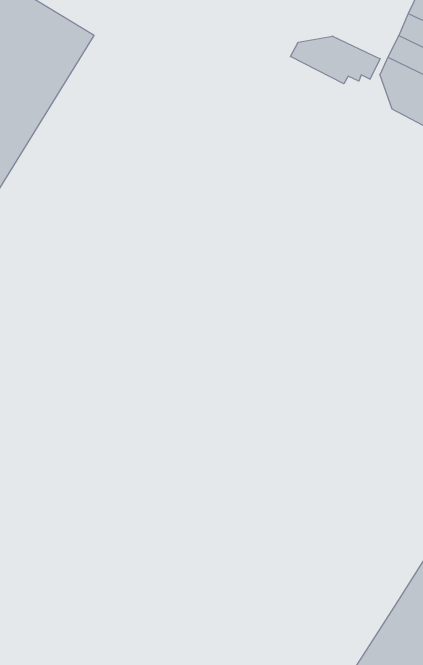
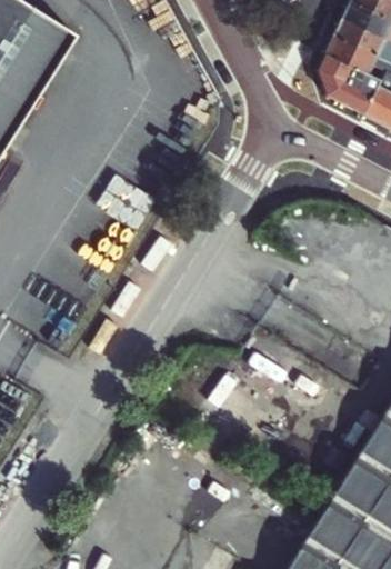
building: [290,36,380,84] -> none

